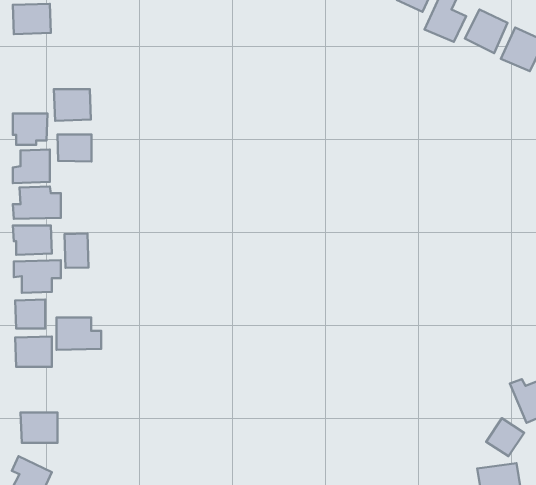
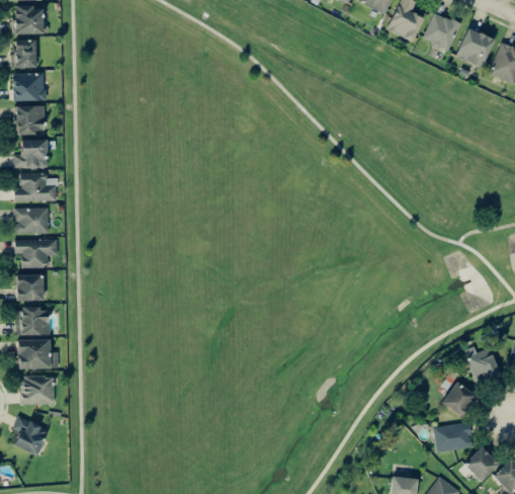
building: none -> [13,39,36,68]
building: [54,89,91,121] -> [12,73,46,101]
building: [58,135,92,162] -> none
building: [64,233,89,268] -> none
building: [56,317,101,350] -> [18,340,59,369]

